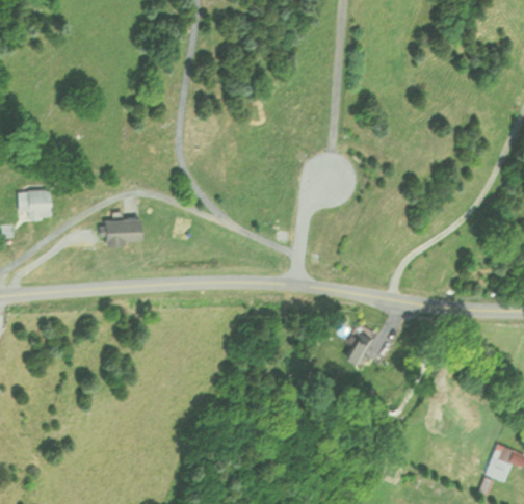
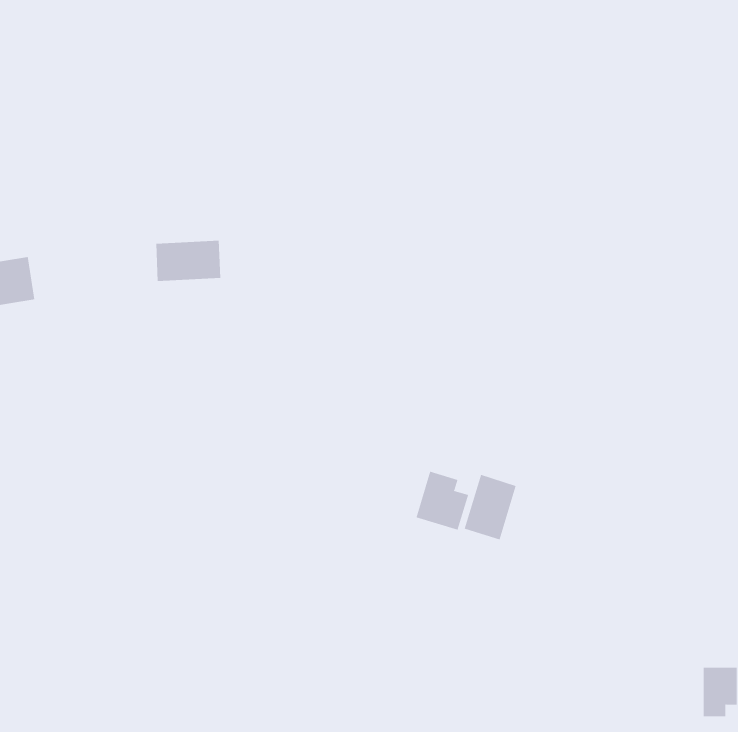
building: [101,218,142,244] -> [155,240,221,281]
building: none -> [416,471,469,531]

